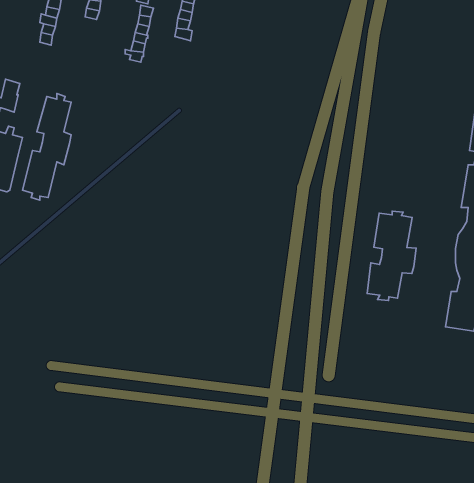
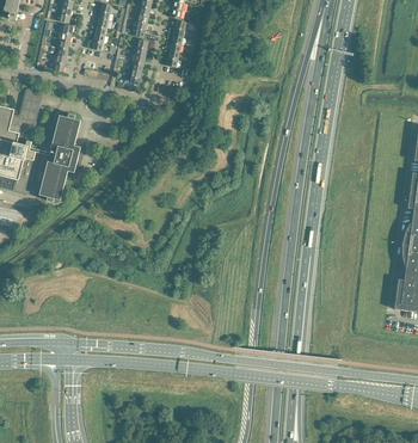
building: [367,211,416,300] -> none

